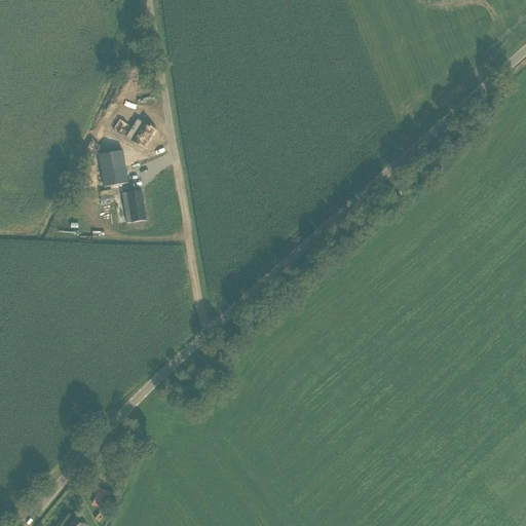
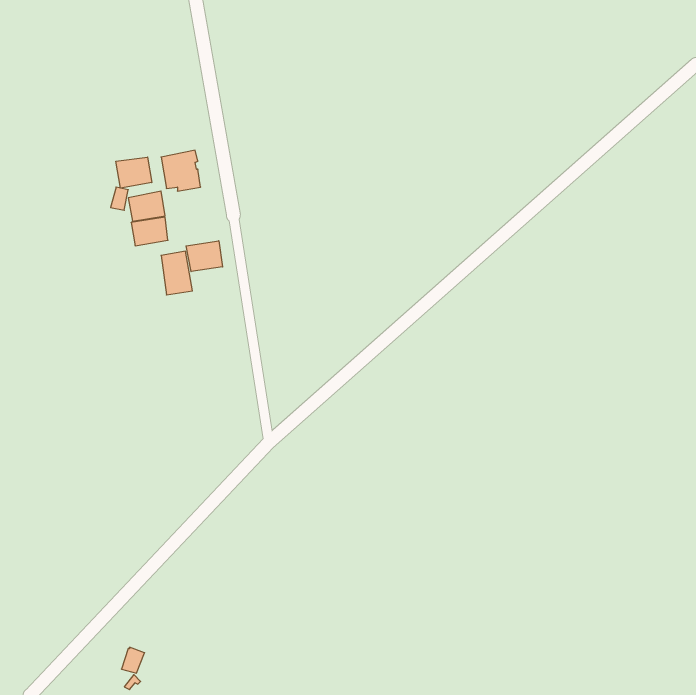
building: none -> [116,157,152,188]
building: none -> [186,241,223,272]

